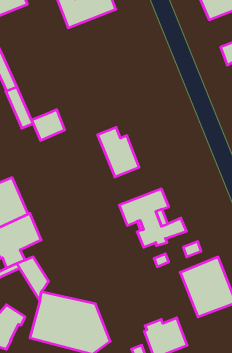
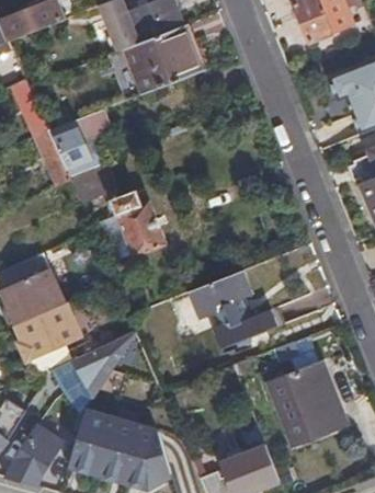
building: none -> [107,26,202,101]
building: none -> [49,110,111,176]
building: [98,127,139,177] -> [112,191,168,257]
building: none -> [71,333,134,394]

